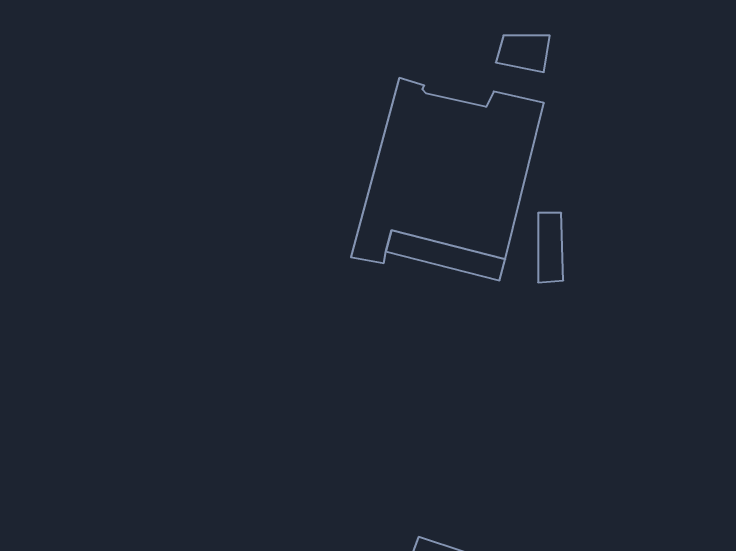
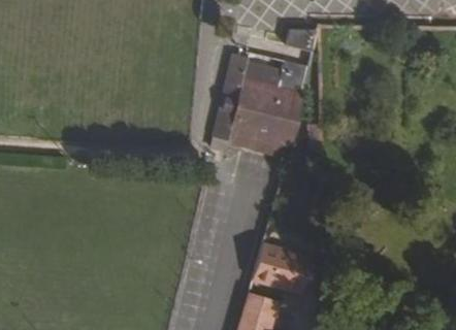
building: none -> [250,243,306,298]

